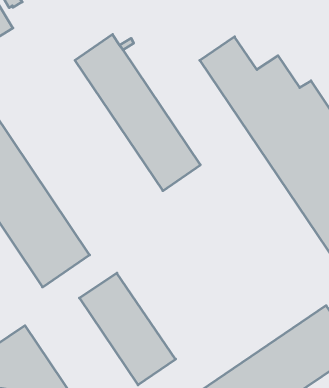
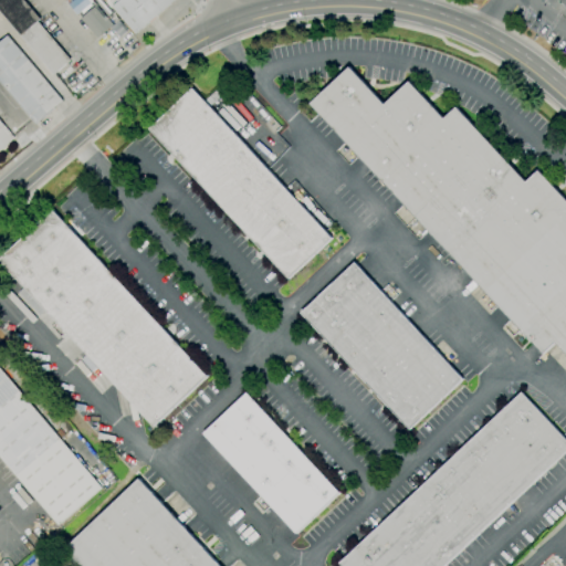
building: none -> [301,263,463,429]

